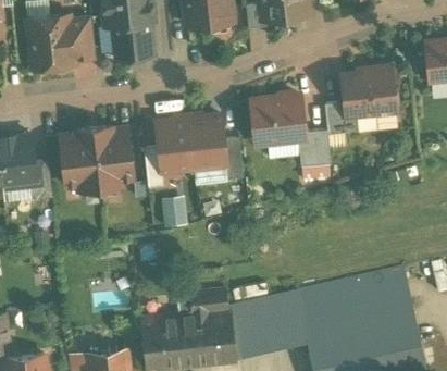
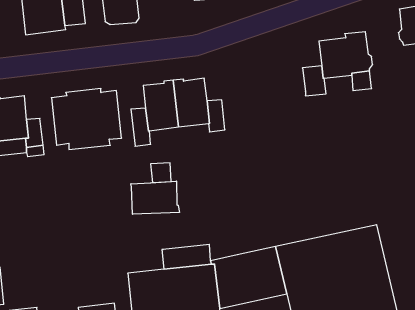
building: [251,96,305,141] -> none
building: [298,128,331,165] -> none
building: none -> [131,181,179,214]

